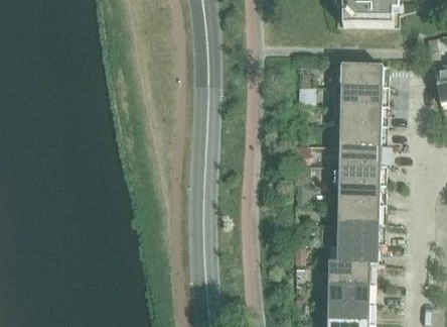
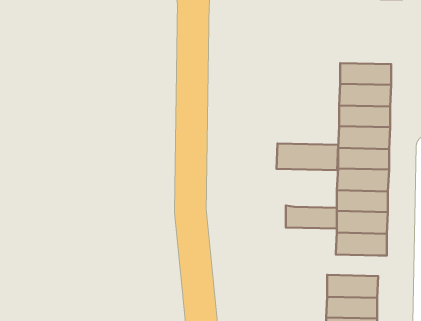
building: [340,63,389,85] -> none
building: none -> [276,144,338,170]
building: [328,260,376,282] -> [286,206,337,228]

